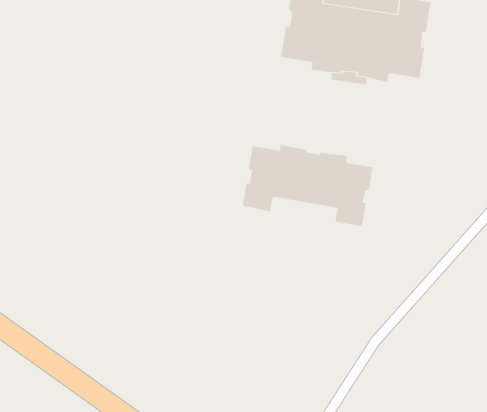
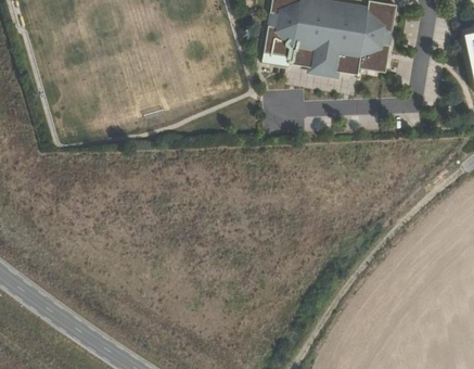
building: [242,144,373,227] -> none

